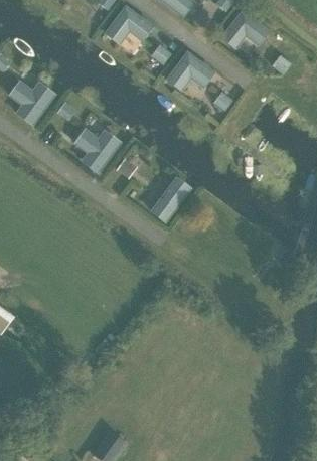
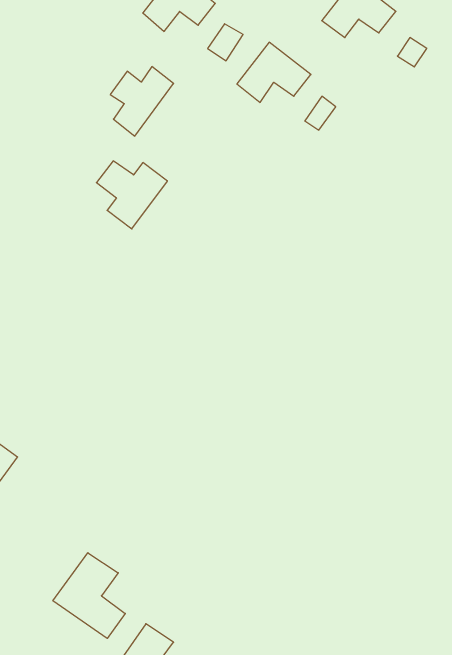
building: [16,80,57,125] -> [110,67,174,136]
building: [150,177,191,223] -> none
building: none -> [53,553,125,638]

